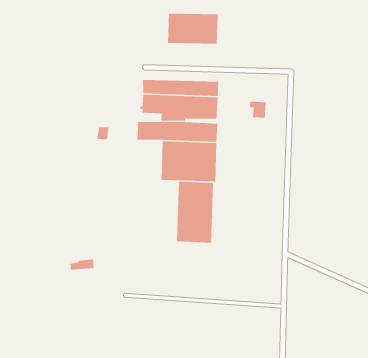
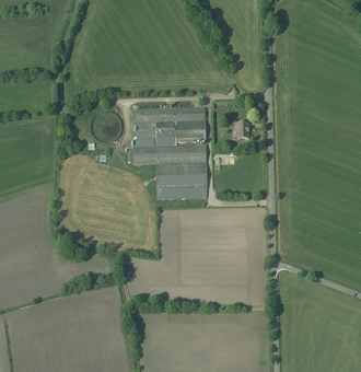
building: [167,13,219,45] -> none
building: [176,181,214,243] -> none

